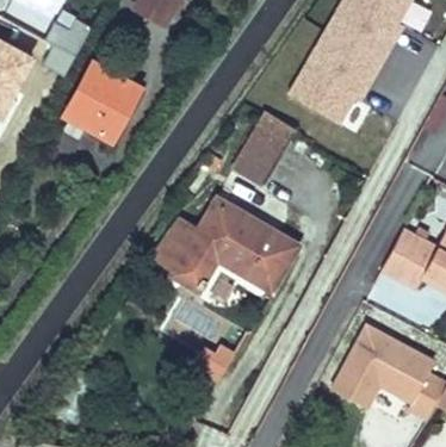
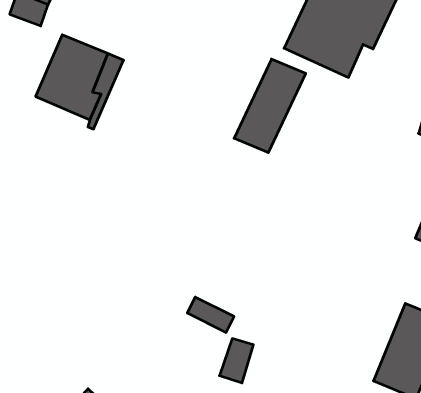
building: [150,198,297,290] -> none

